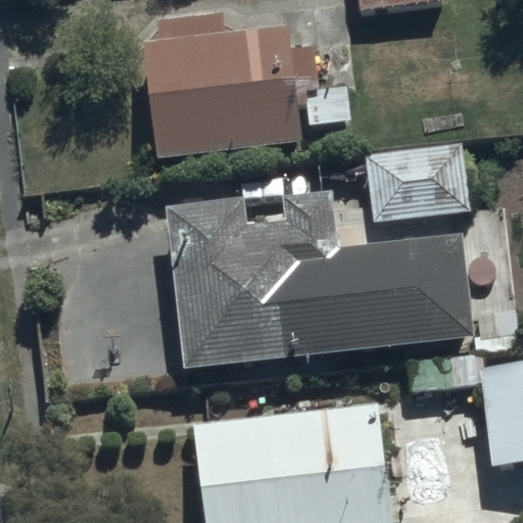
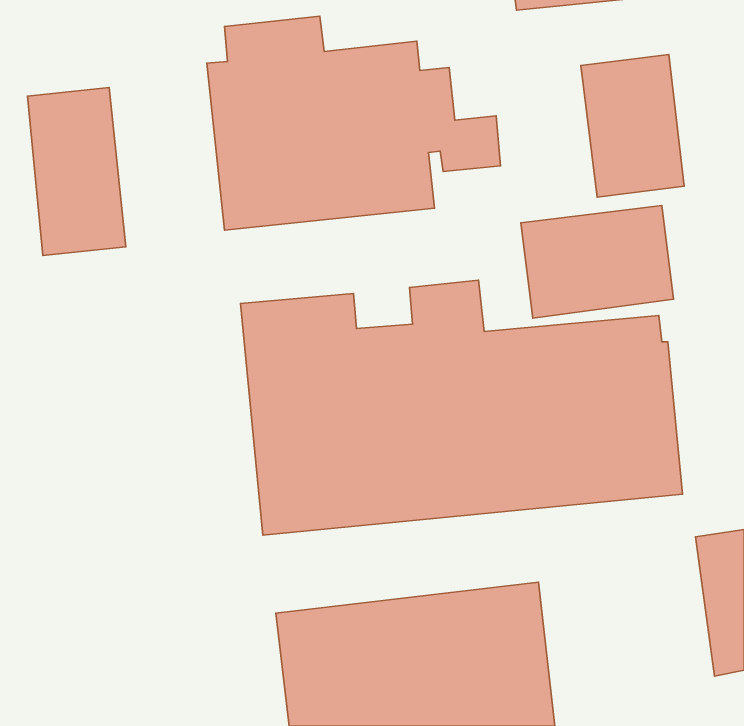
building: none -> [581,54,684,197]
building: none -> [27,87,126,256]

